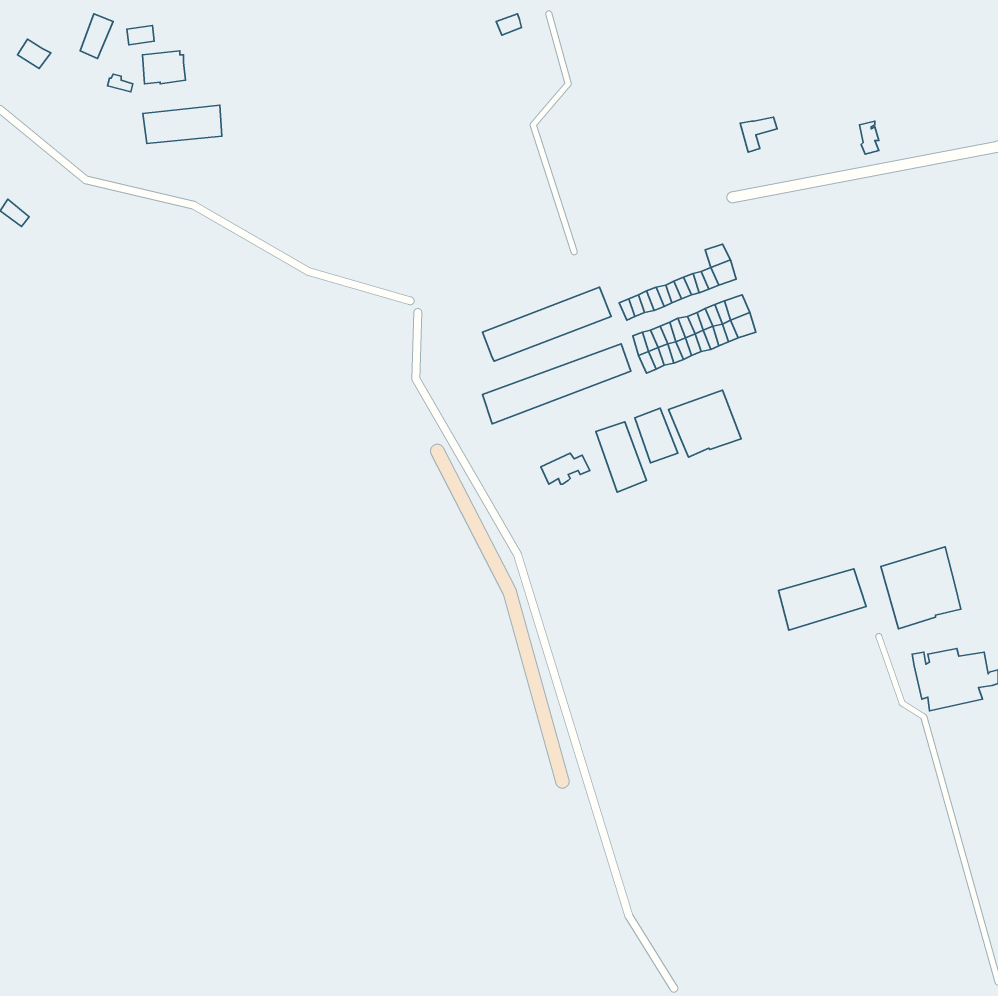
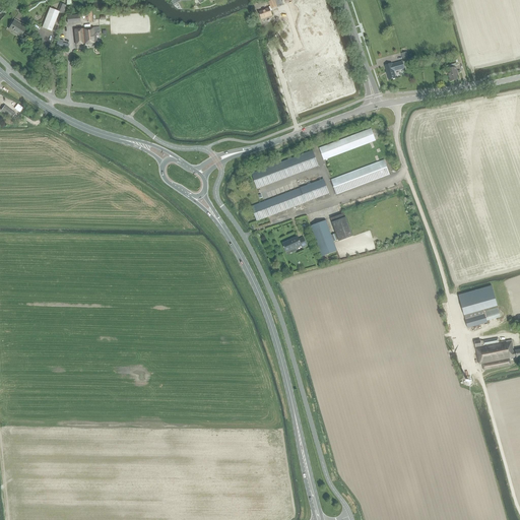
building: [143,105,222,144] -> none
building: [668,390,741,457] -> none
building: [778,569,866,630] -> none

